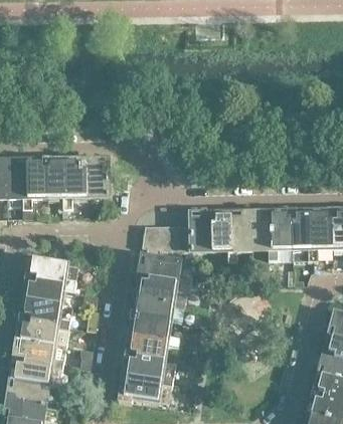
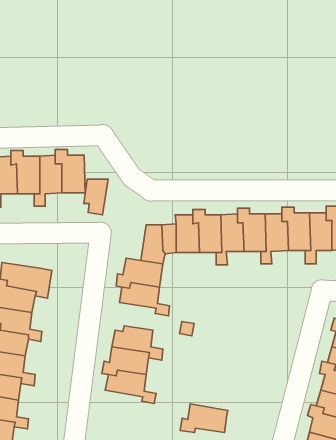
building: [142,223,164,255] -> [84,179,108,215]
building: [130,293,173,320] -> none
building: [118,373,161,399] -> [180,404,228,433]

